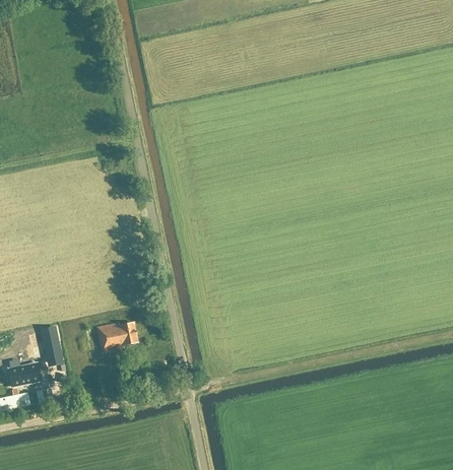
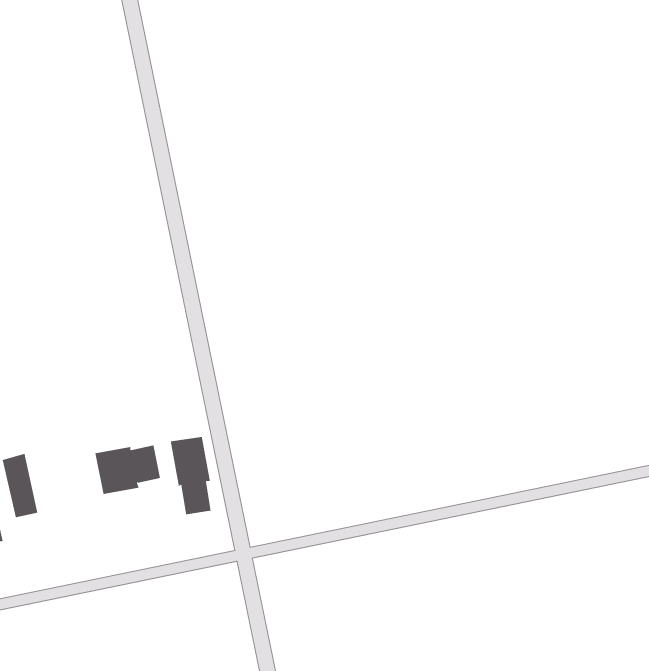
building: none -> [170,436,211,515]

